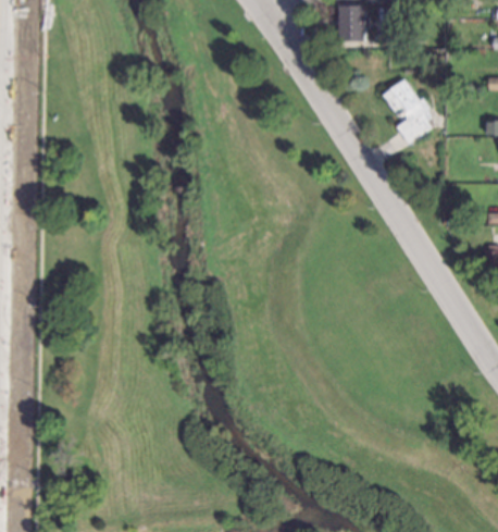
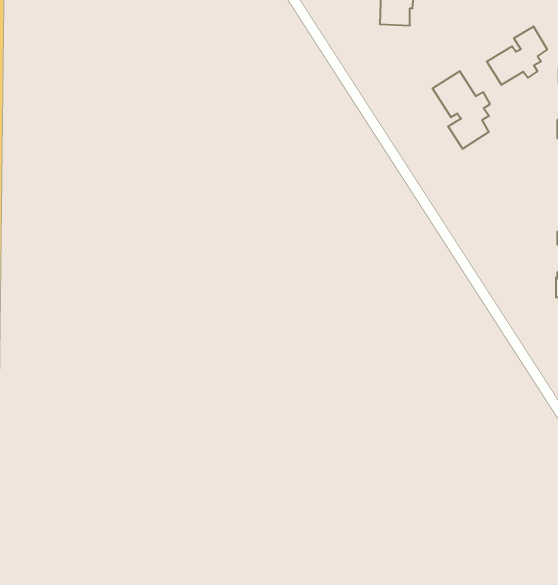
building: none -> [487,26,547,85]

